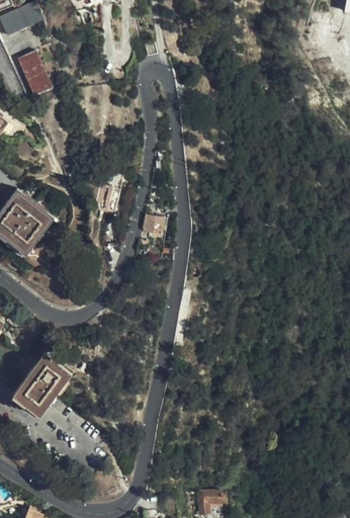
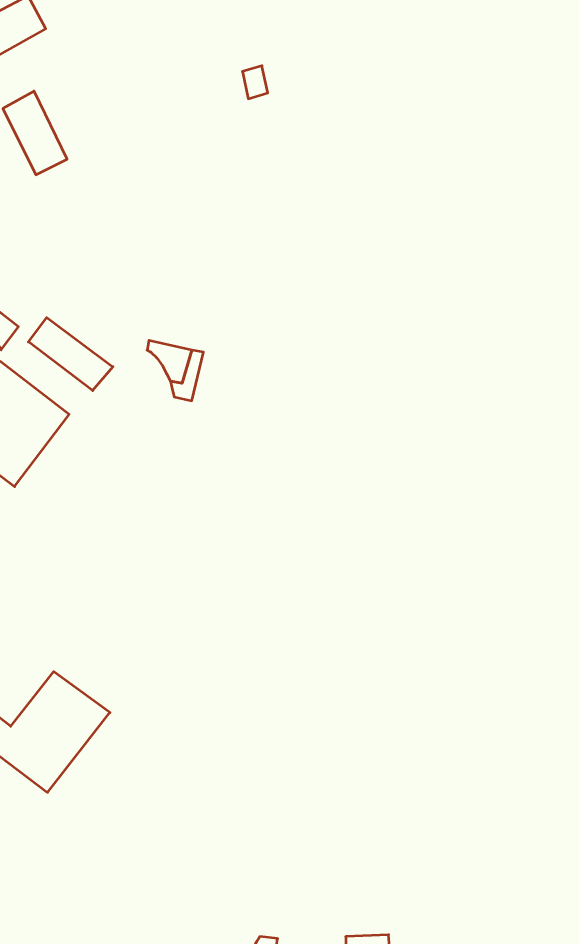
building: none -> [28,318,113,391]
building: [136,214,161,241] -> none

